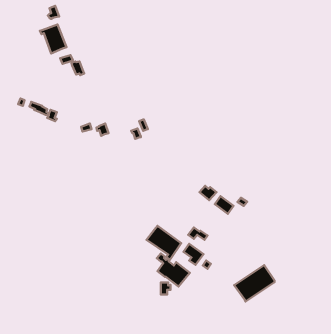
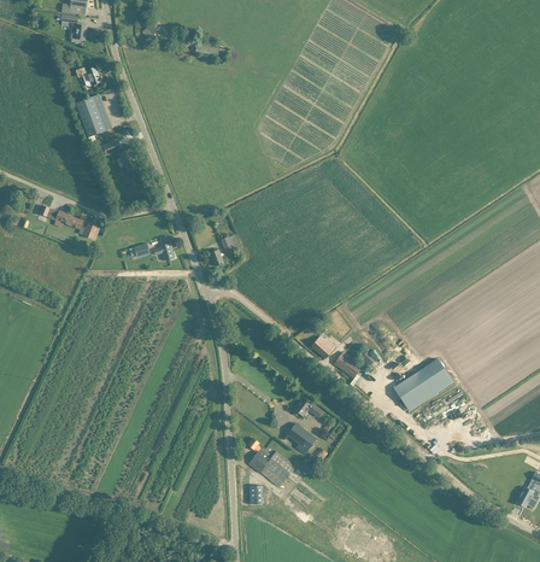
building: [147,226,181,260] -> none
building: [234,265,275,301] -> [392,357,452,411]

